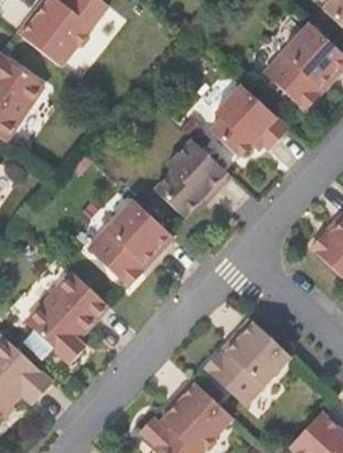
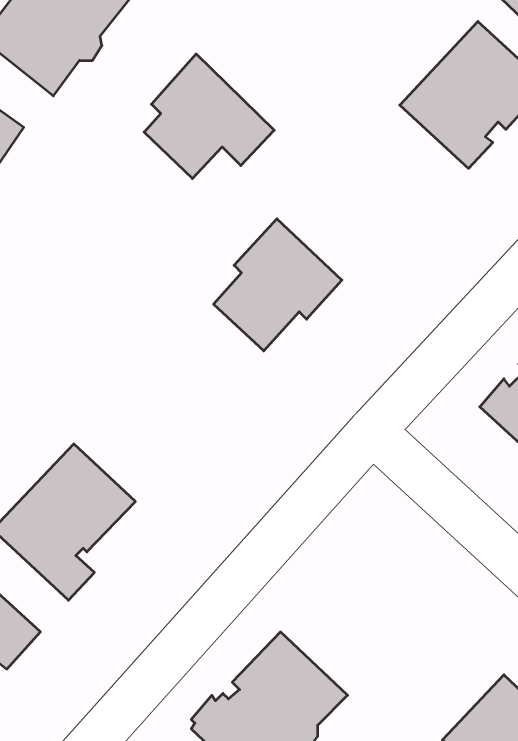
building: [210,84,286,158] -> [144,54,274,179]
building: [86,199,173,287] -> none
building: [204,318,291,406] -> none

